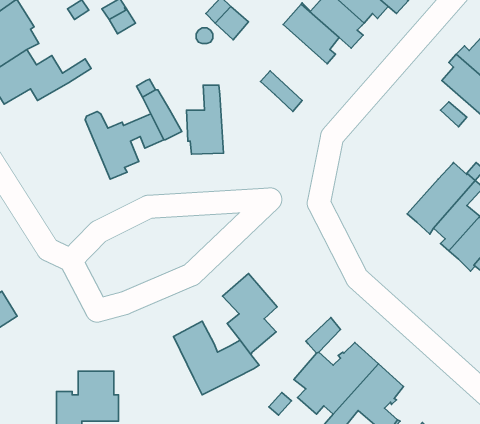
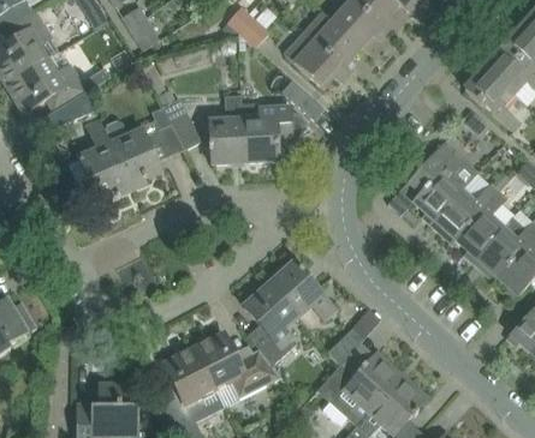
building: none -> [285,32,349,88]
building: none -> [40,91,96,130]
building: none -> [240,103,307,162]
building: none -> [69,118,130,199]
building: none -> [412,142,475,223]
building: none -> [269,262,335,318]
building: none -> [161,347,214,430]

